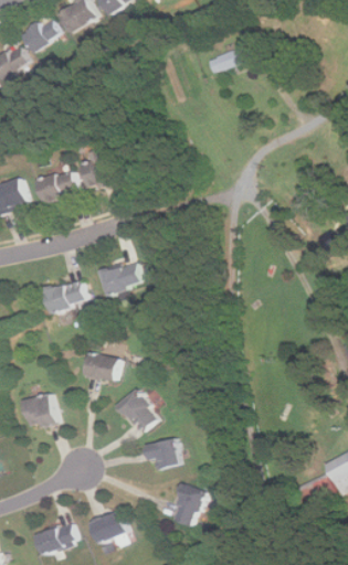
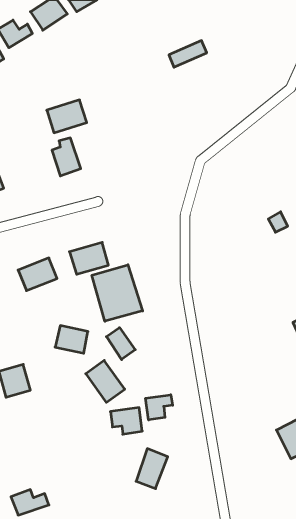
building: [34,169,77,204] -> [47,100,87,133]
building: none -> [92,265,143,321]
building: none -> [106,328,135,360]
building: none -> [146,395,173,420]
building: [88,512,124,542] -> none

